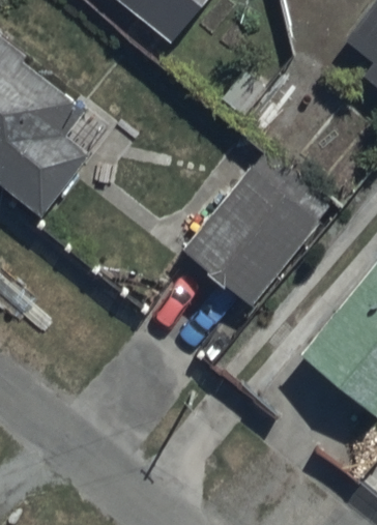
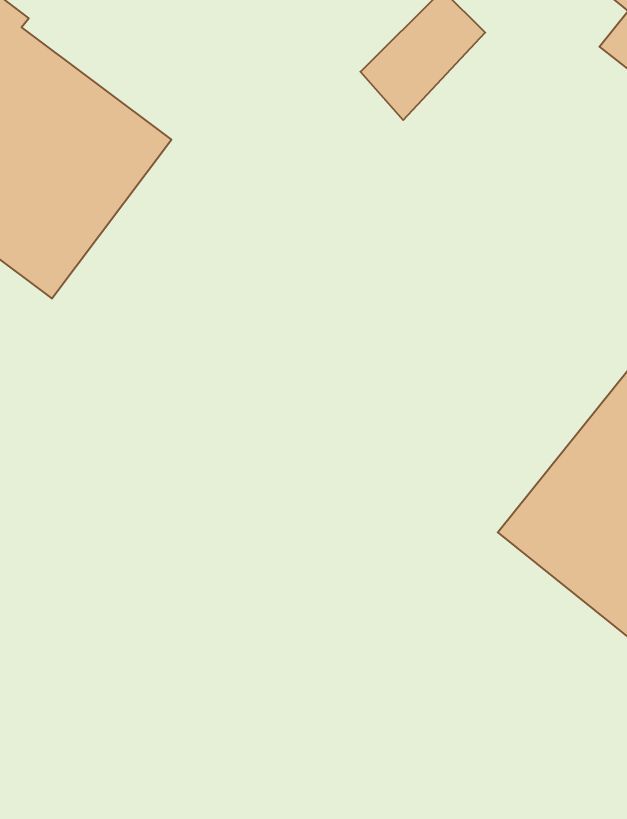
building: [185,168,318,304] -> none

